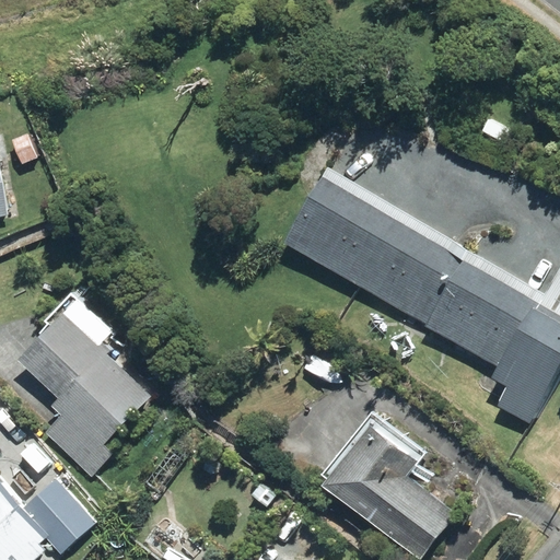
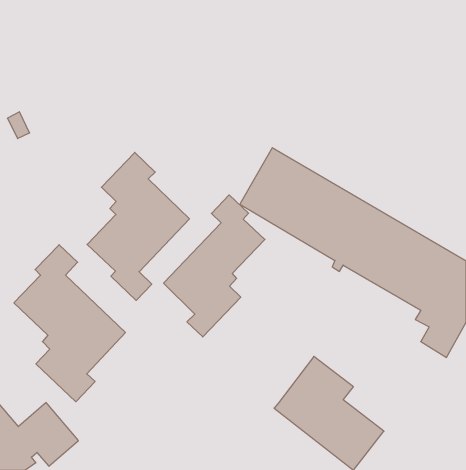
building: none -> [87,152,189,300]
building: none -> [164,195,265,337]

